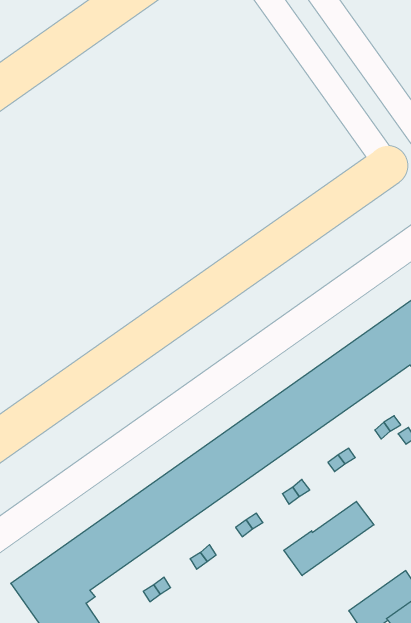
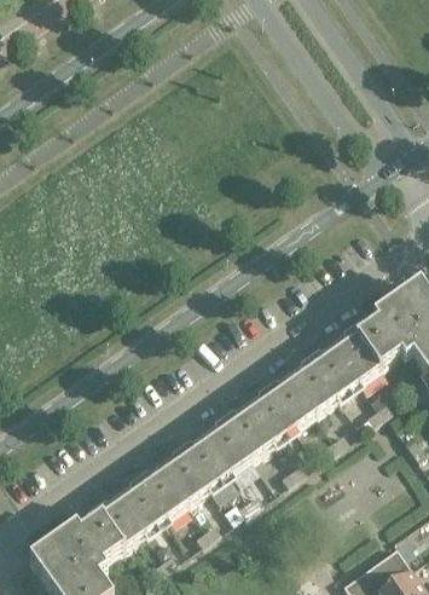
building: [284,501,374,576] -> none

